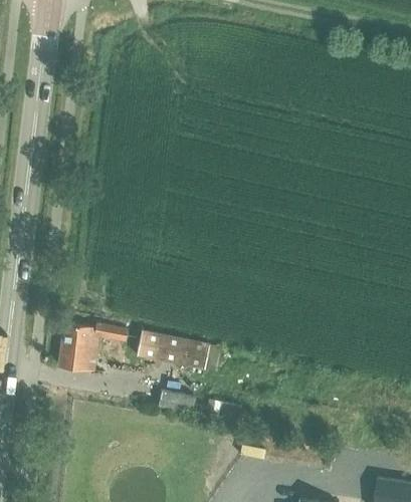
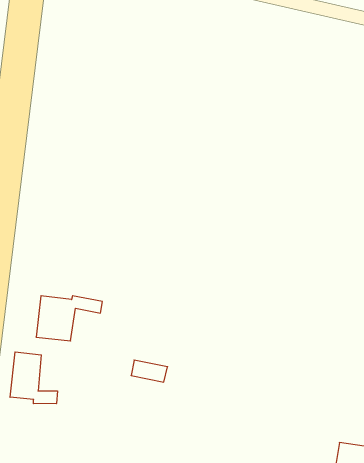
building: [137,330,210,368] -> none
building: none -> [10,352,57,404]

